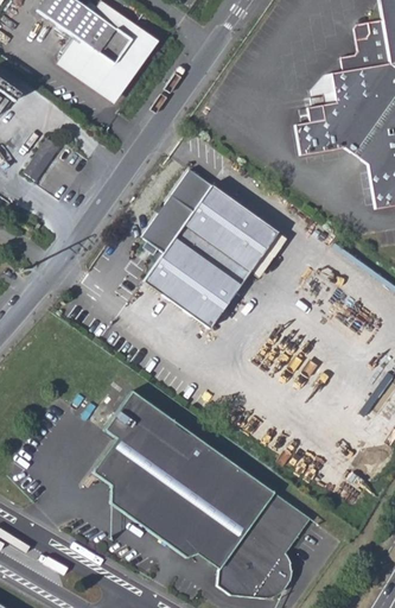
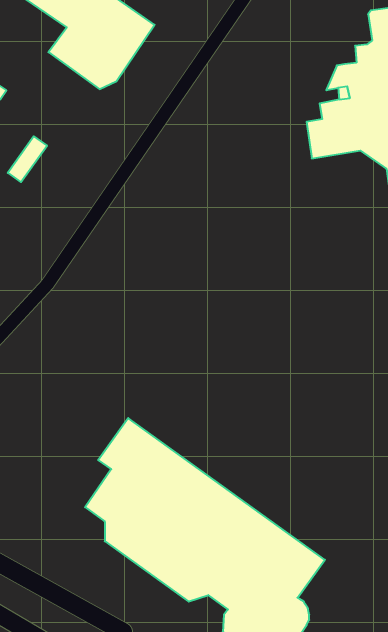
building: [139,172,274,331] -> none

